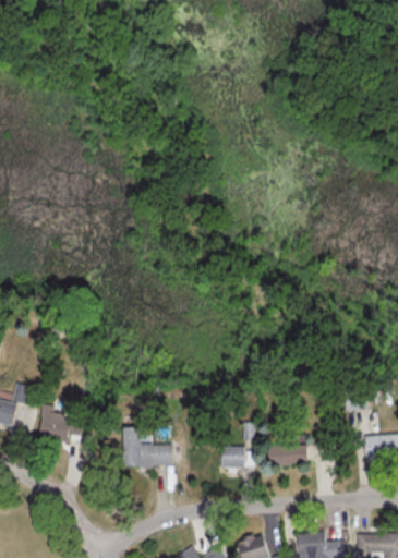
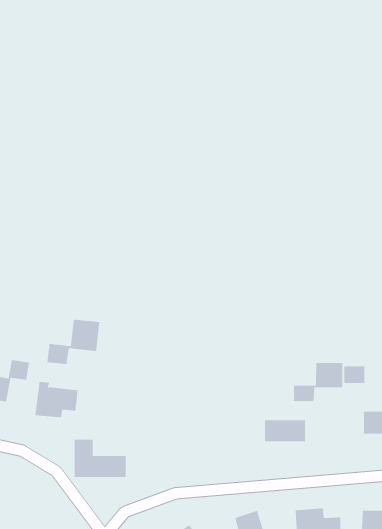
building: none -> [47,319,100,365]
building: none -> [293,362,343,402]
building: [121,427,173,465] -> [74,439,127,478]
building: [221,446,254,468] -> none

